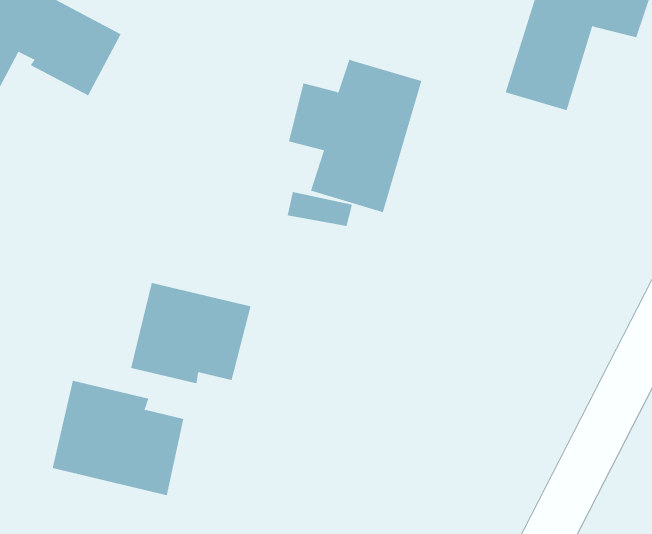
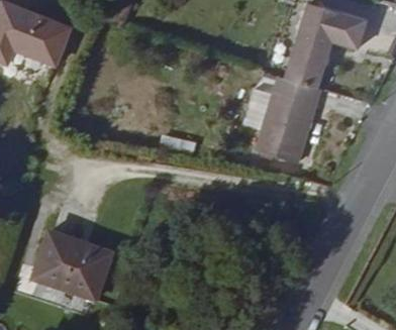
building: [288,59,422,213] -> [246,76,320,160]
building: [130,282,251,384] -> none

